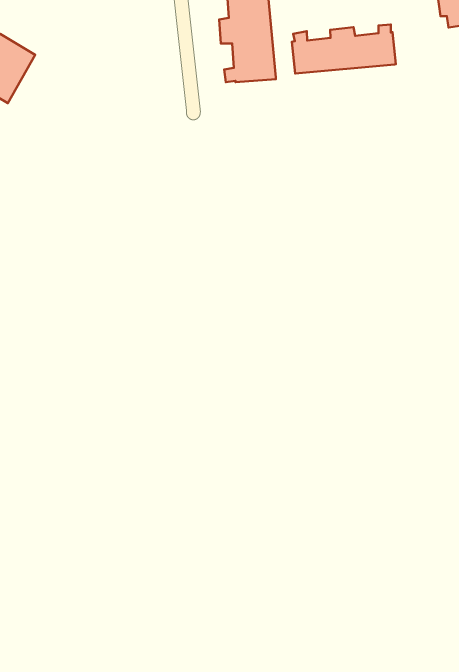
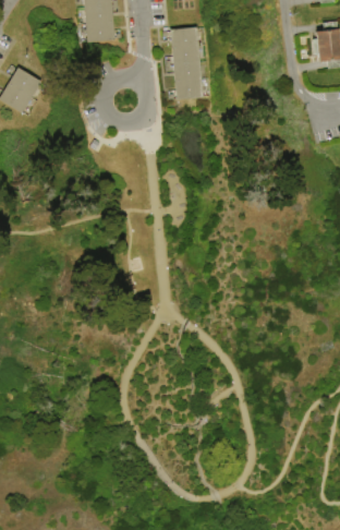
building: [292,25,396,74] -> none

